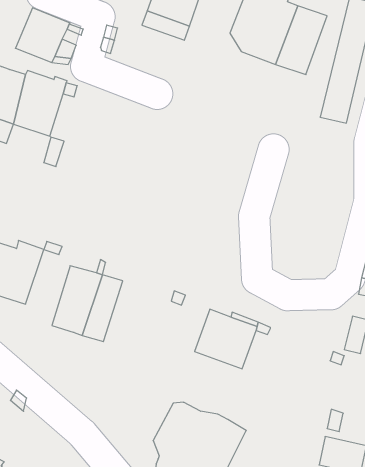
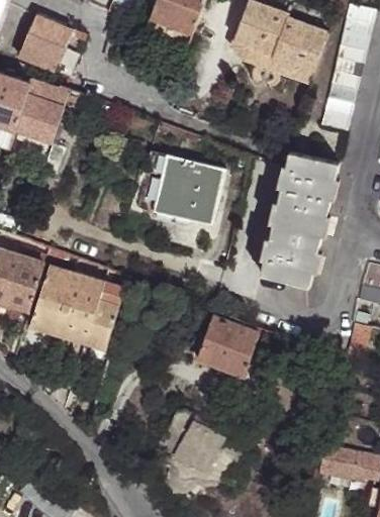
building: none -> [260,151,340,288]
building: none -> [150,154,222,226]
building: none -> [29,265,72,332]

